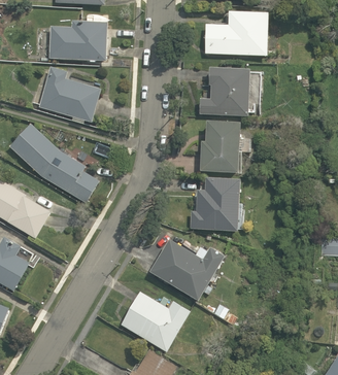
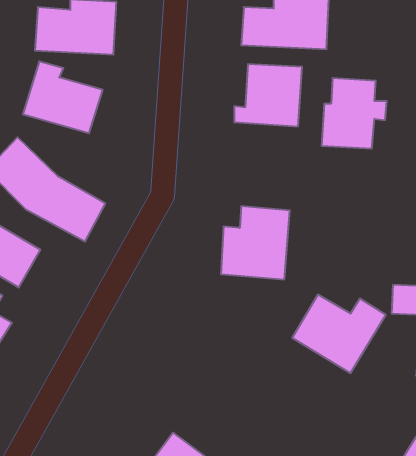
building: [200,121,249,174] -> [322,78,387,149]
building: [154,240,225,300] -> [292,295,386,373]
building: [121,292,192,352] -> none

